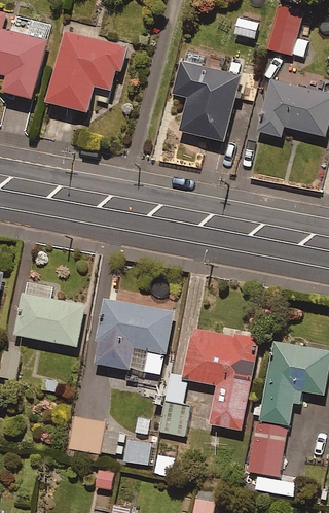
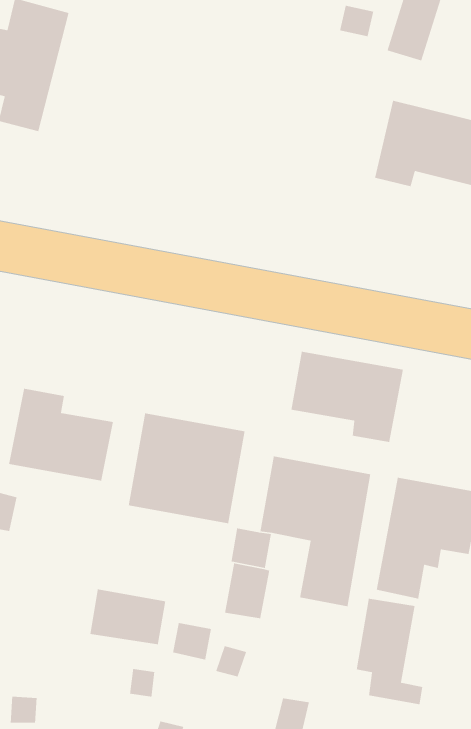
building: [47,38,127,121] -> none
building: [175,65,243,149] -> none
building: none -> [290,351,404,443]

